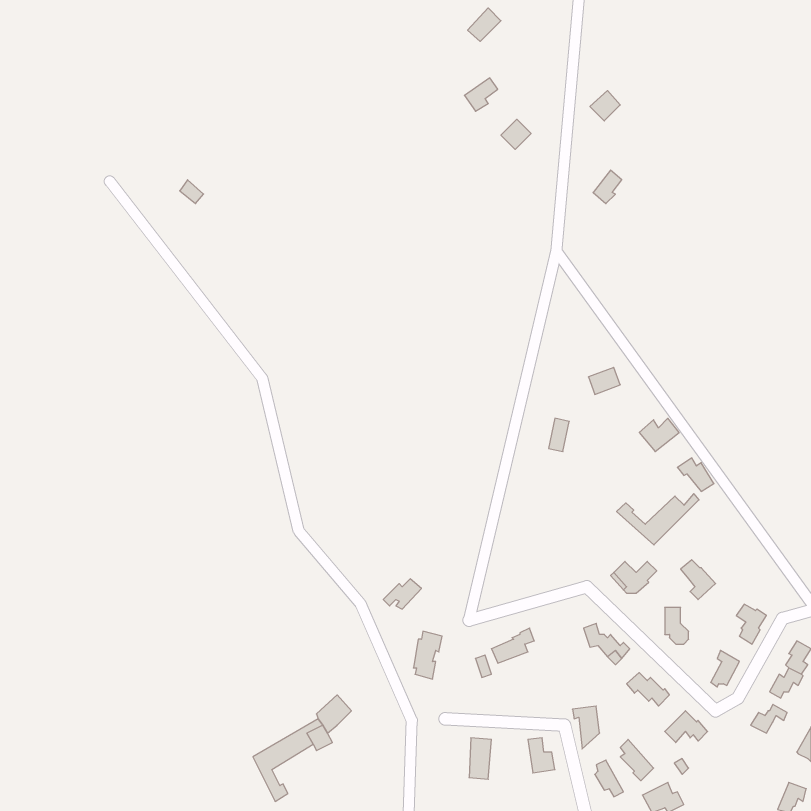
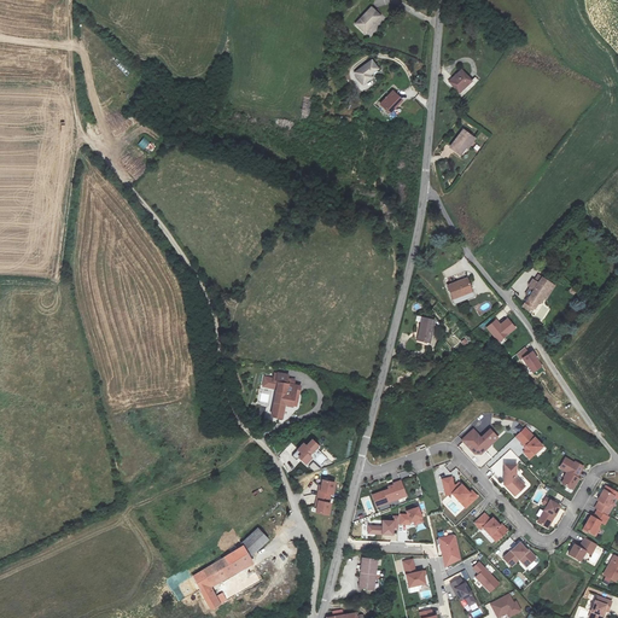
building: none -> [521,276,554,313]
building: none -> [261,373,301,420]
building: [617,494,699,545] -> none
building: none -> [366,508,421,537]

